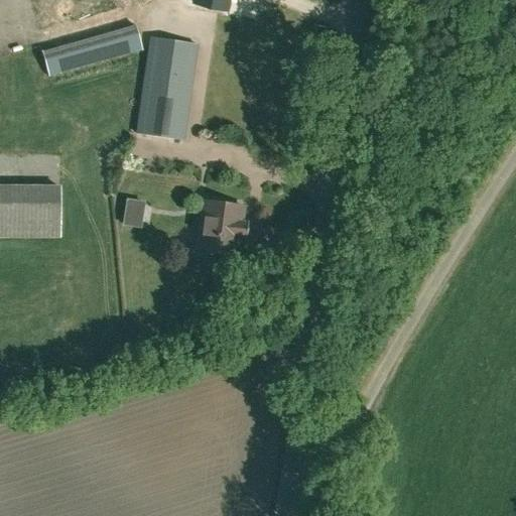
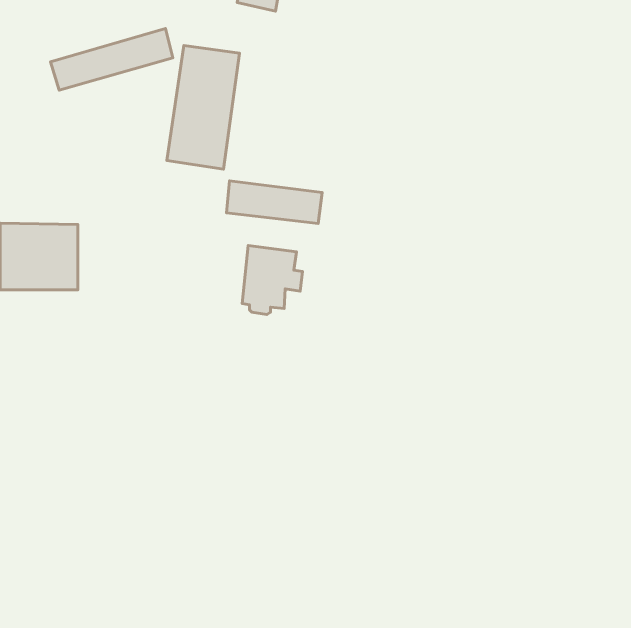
building: none -> [226,181,322,224]
building: [123,197,146,226] -> none

